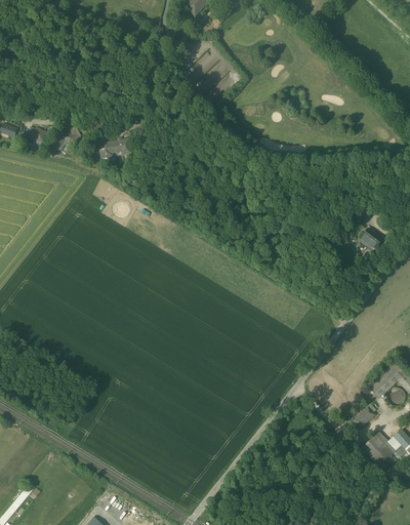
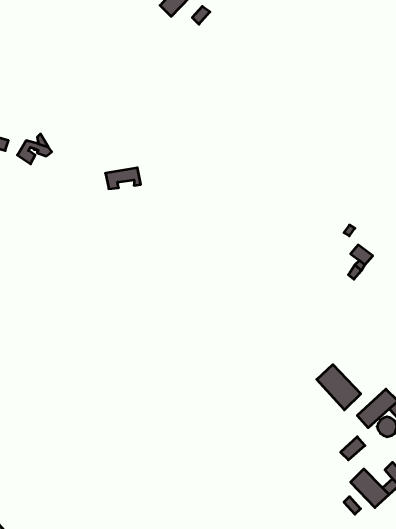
building: [98,137,131,157] -> [105,168,141,189]
building: none -> [317,365,361,410]

